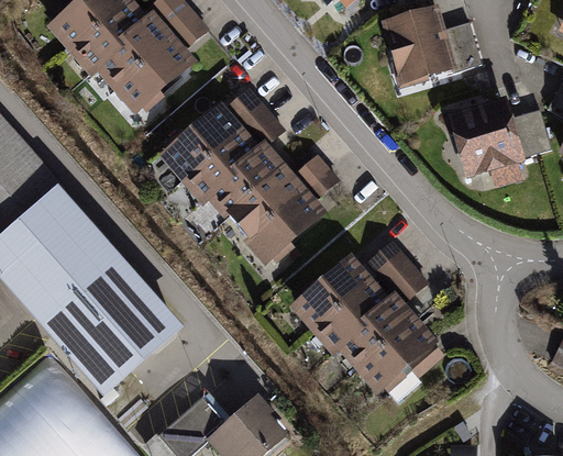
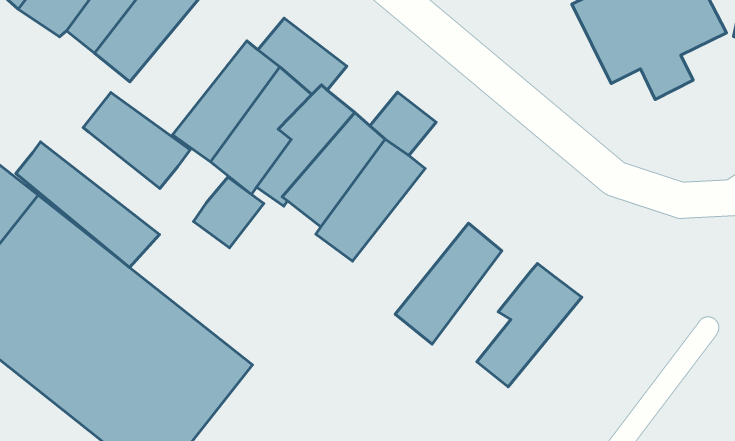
building: none -> [83,92,190,188]
building: none -> [16,142,160,268]
building: none -> [193,177,264,248]
building: [365,238,428,301] -> none
building: [310,276,387,355] -> none
building: [357,318,441,396] -> none

